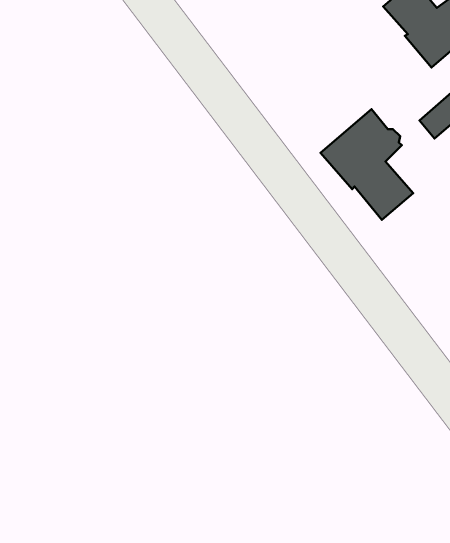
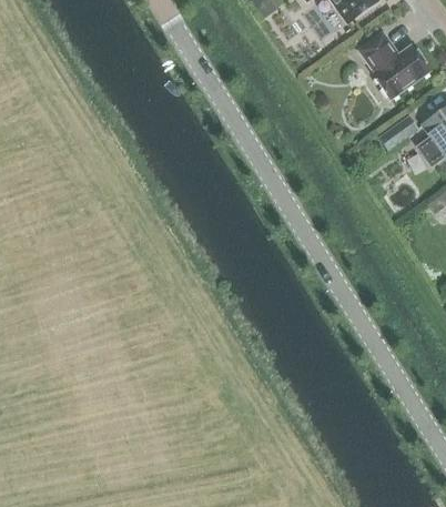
building: [320,109,413,220] -> none

